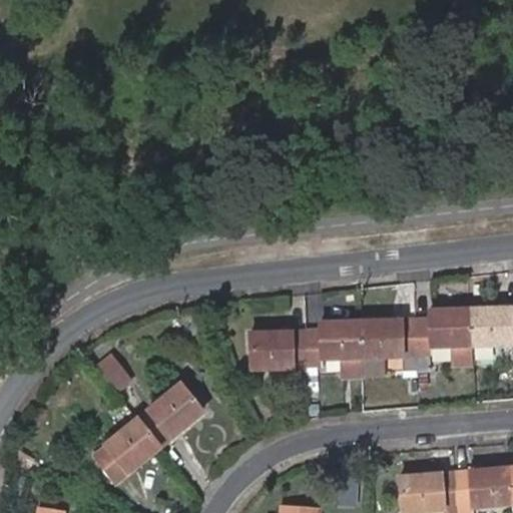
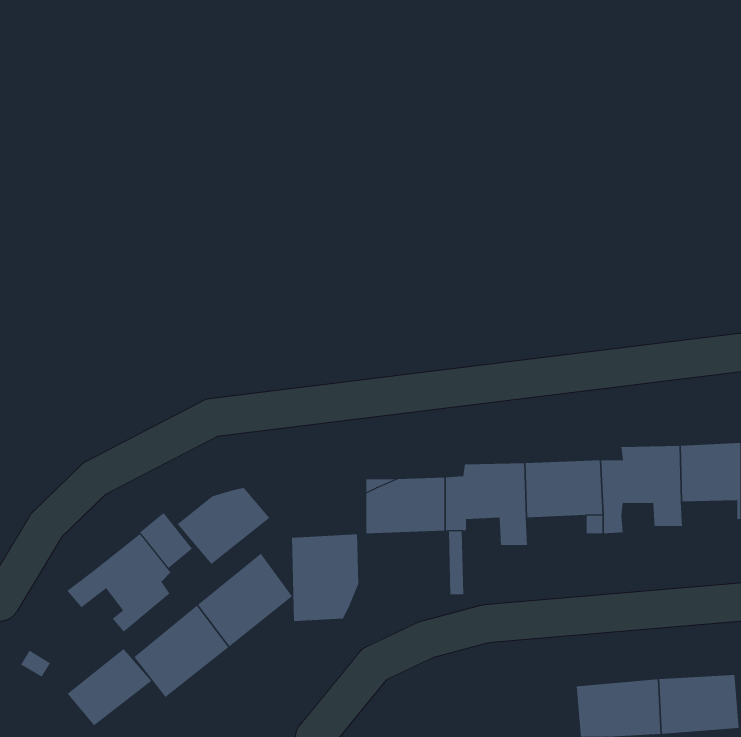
building: none -> [177,487,270,565]
building: none -> [67,533,171,632]
building: none -> [292,533,359,622]
building: none -> [67,648,152,726]

